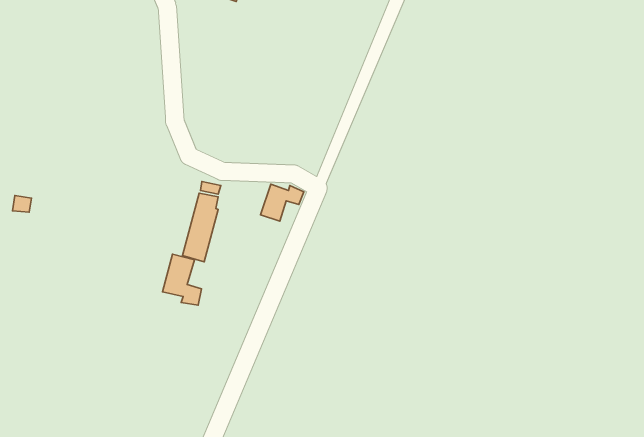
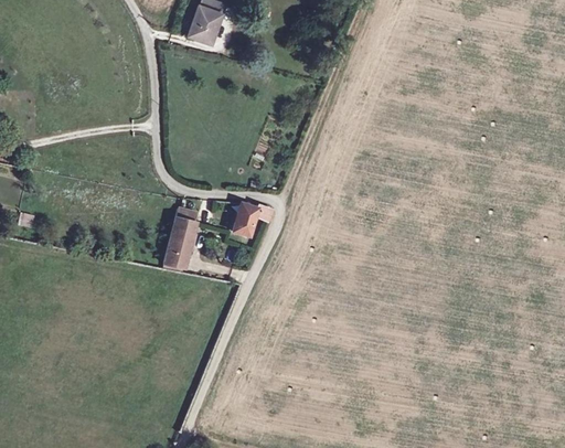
building: [163,254,202,305] -> none

